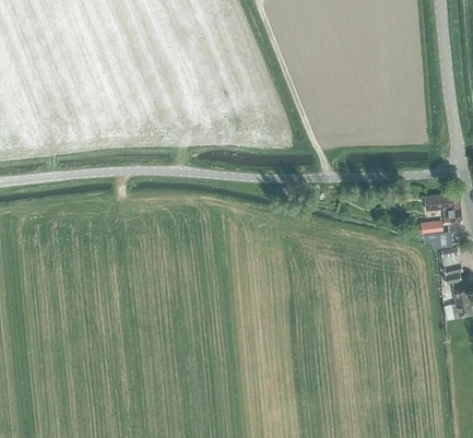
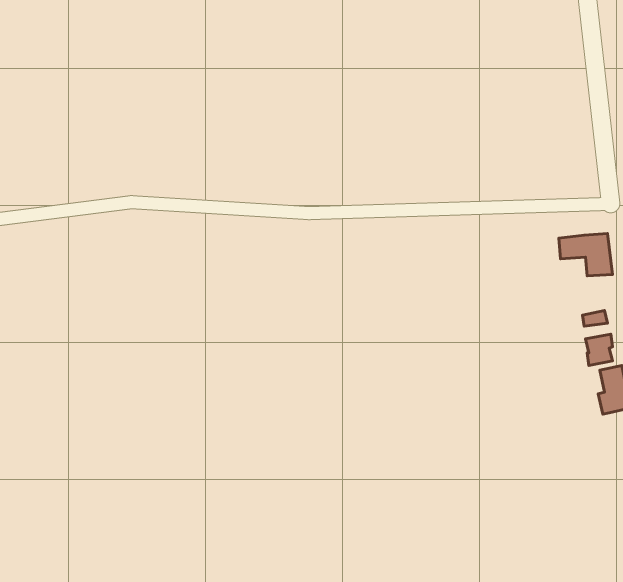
building: [416,221,448,247] -> none

